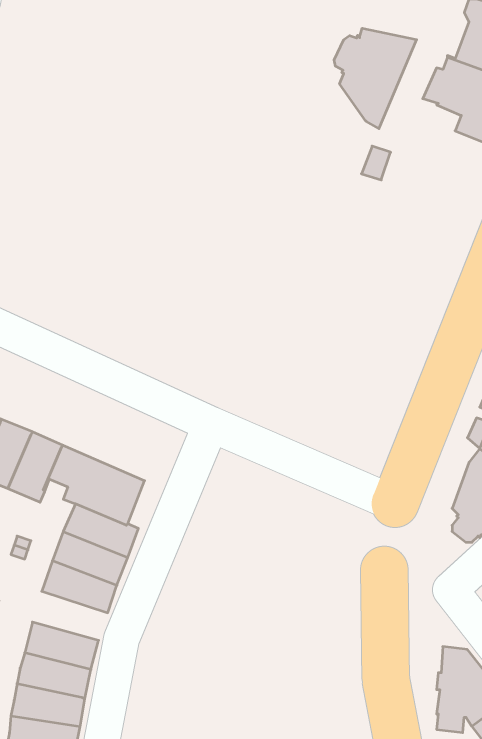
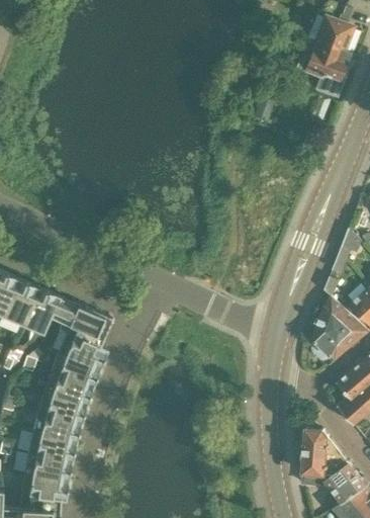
building: [334,28,417,129] -> none
building: none -> [36,392,86,424]

